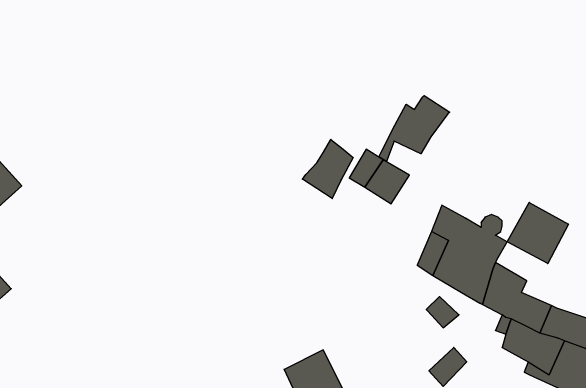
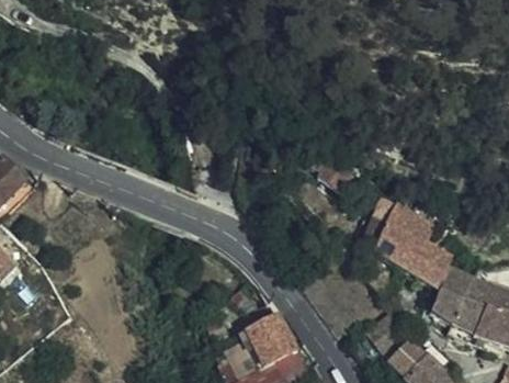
building: [379,96,450,161] -> none
building: [302,139,353,199] -> none
building: [507,202,568,264] -> none

